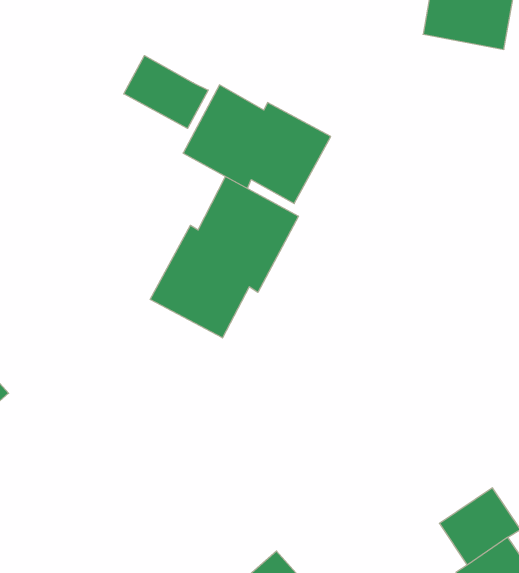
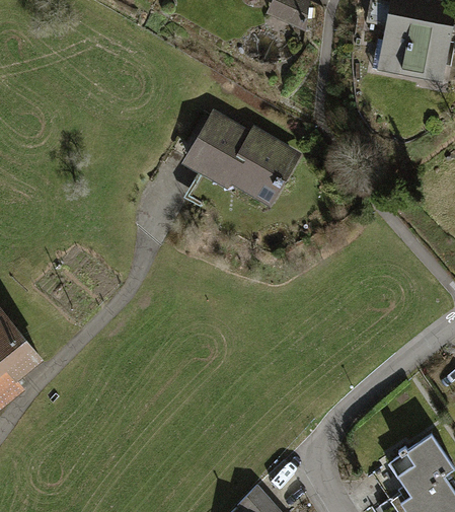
building: [124,56,208,128] -> none
building: [150,177,298,338] -> none

